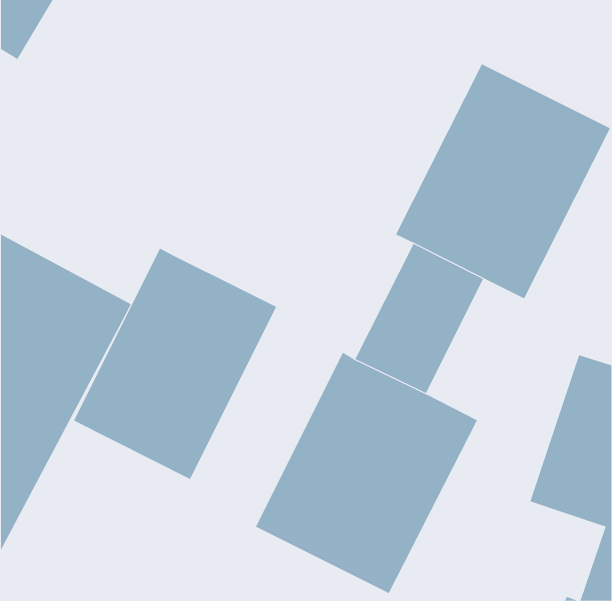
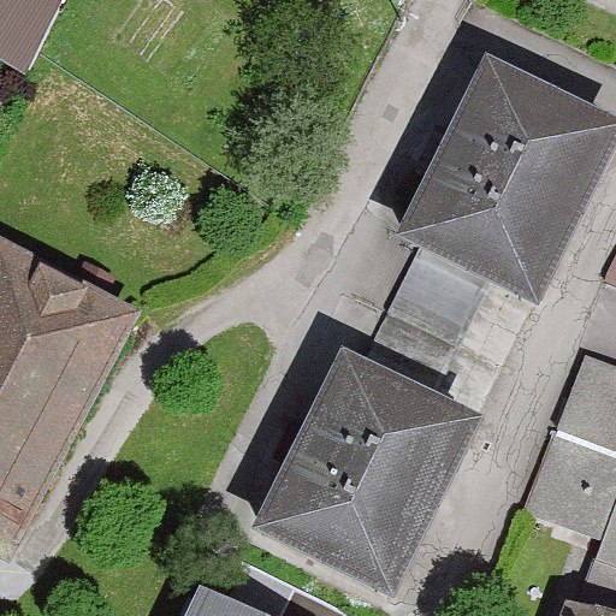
building: [73,248,277,480] -> none

